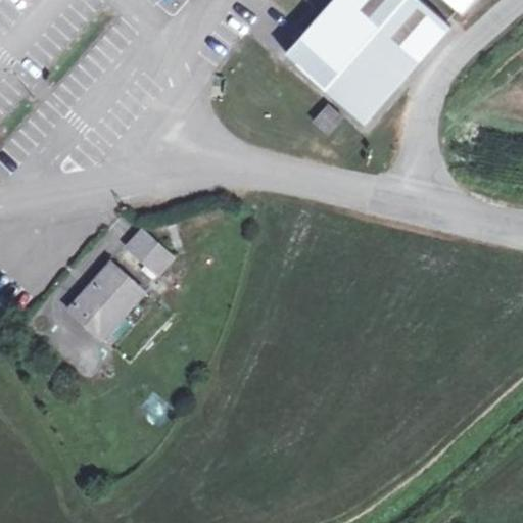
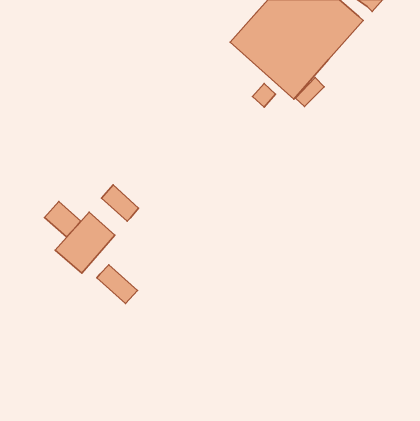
building: none -> [45,202,81,237]
building: none -> [97,265,137,303]

